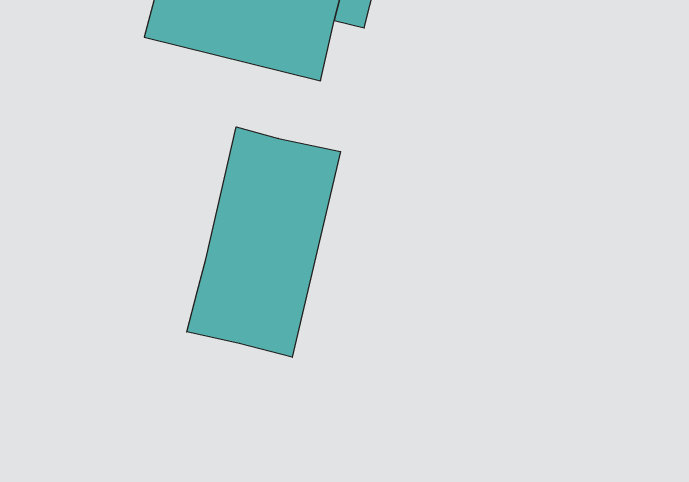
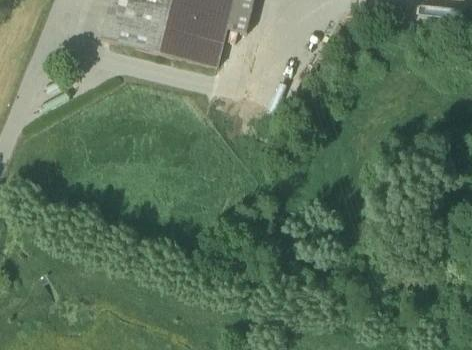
building: [187,127,341,357] -> none

